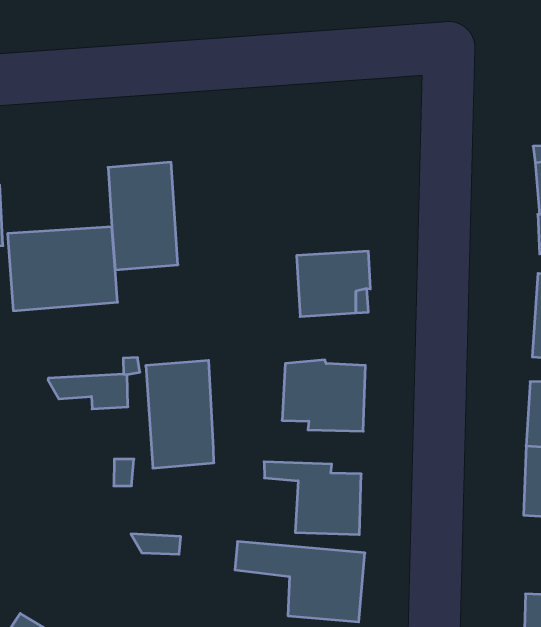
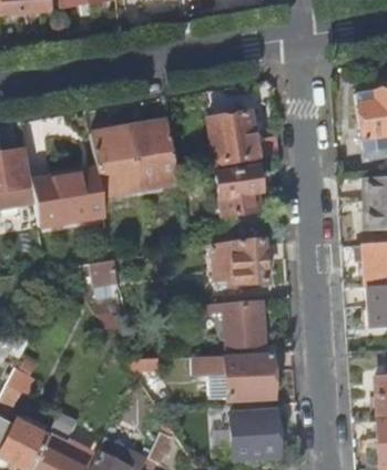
building: none -> [210,114,258,164]
building: [146,360,214,468] -> [130,119,177,188]

